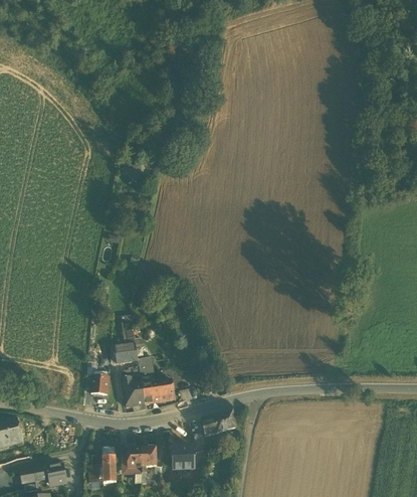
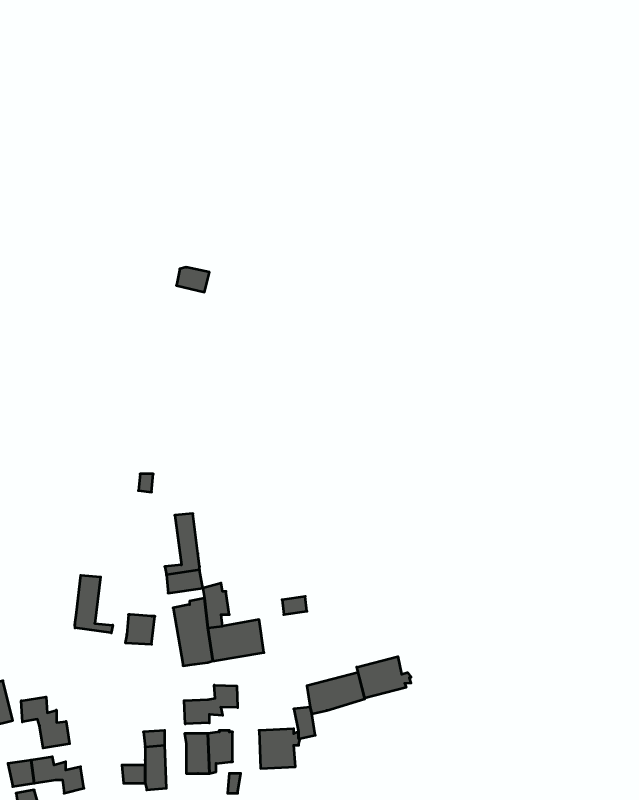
building: none -> [75,575,113,633]
building: none -> [357,657,411,698]
building: none -> [184,685,238,724]
building: none -> [21,697,70,748]

